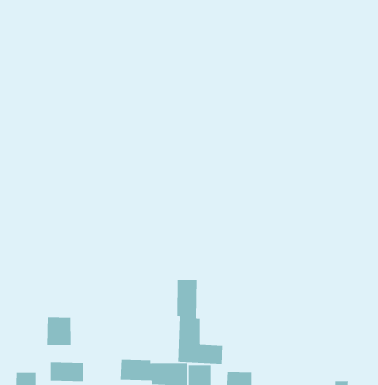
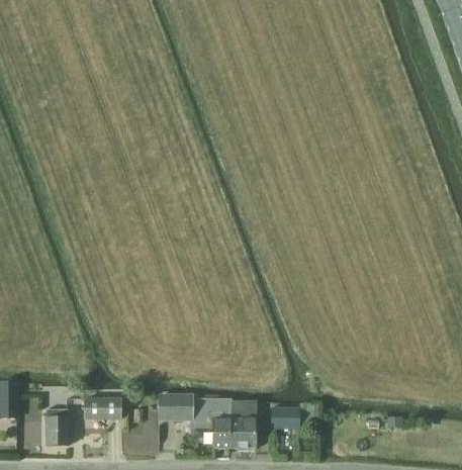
building: [177,279,223,365] -> none
building: [47,317,71,346] -> none

